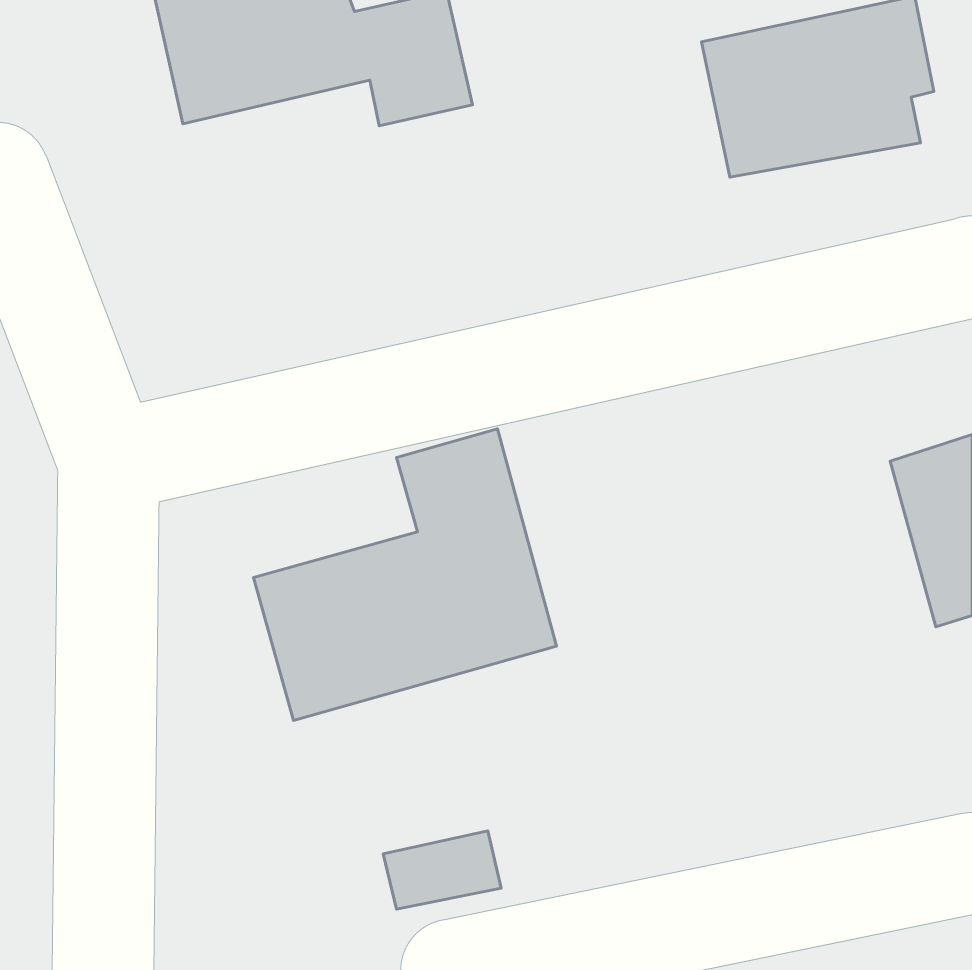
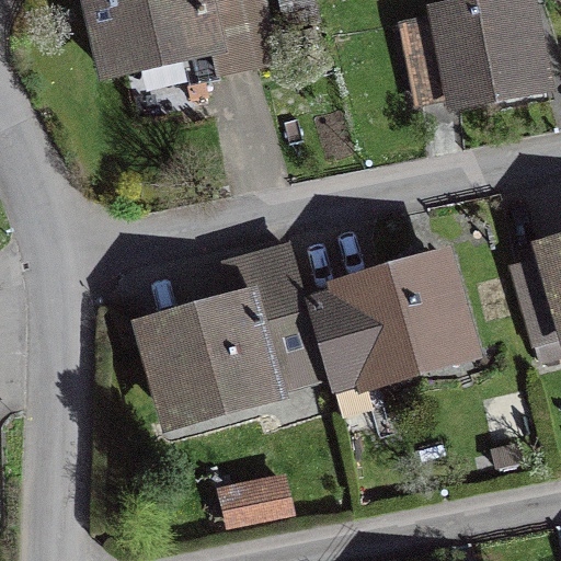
building: none -> [308,264,466,413]

